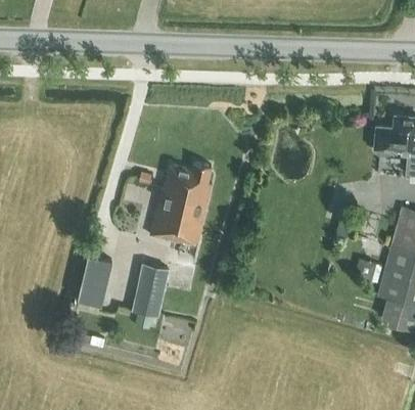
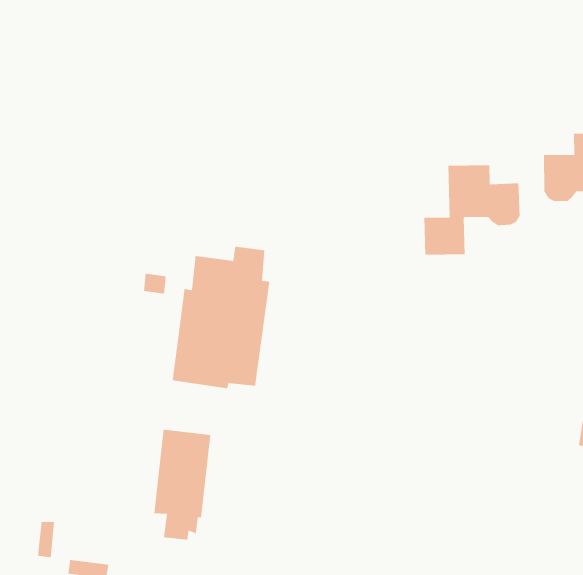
building: none -> [424,165,520,255]
building: [77,256,111,314] -> none

